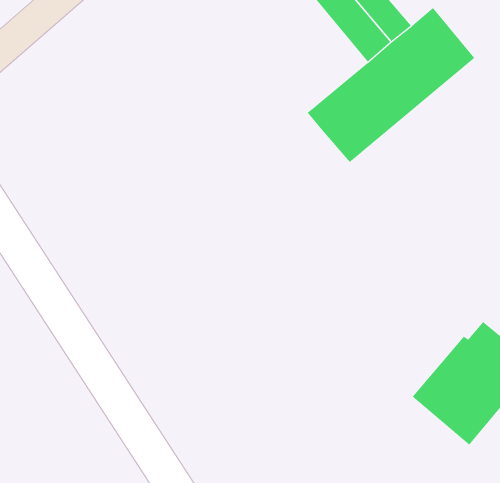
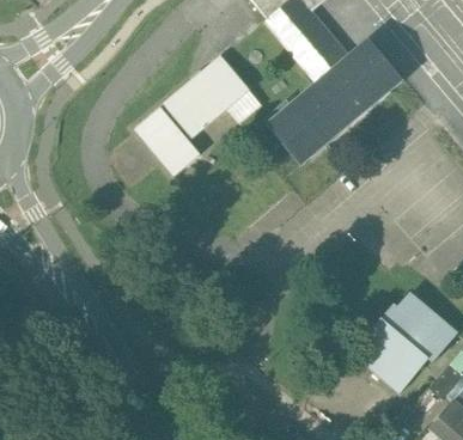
building: none -> [136,56,260,173]

